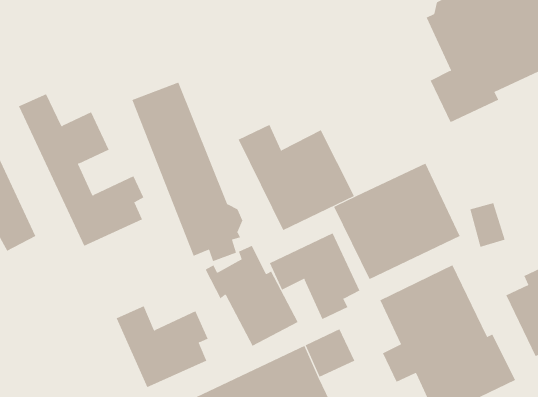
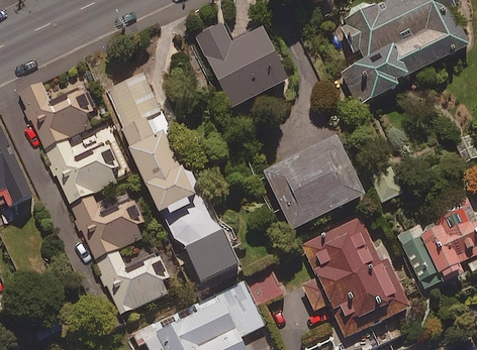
building: [238,124,355,231] -> [196,22,288,106]
building: [269,233,360,320] -> none
building: none -> [74,202,141,258]

